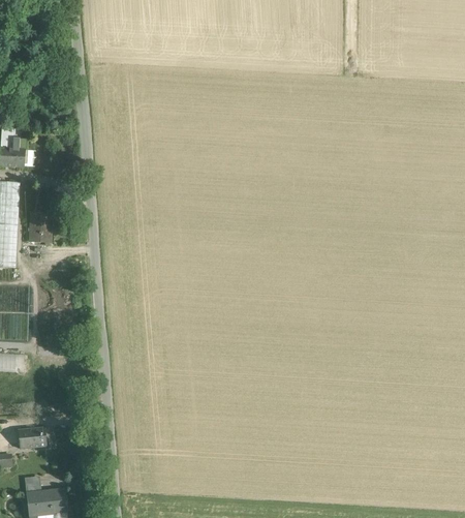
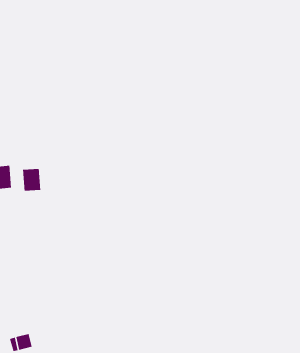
building: none -> [22,168,41,191]

